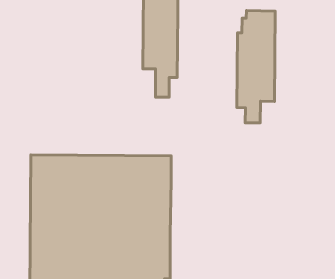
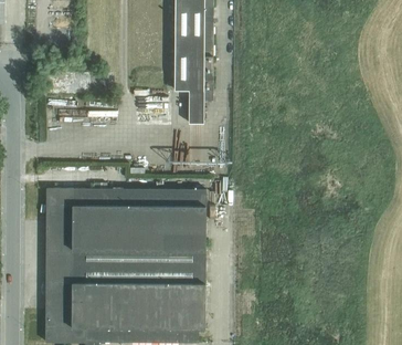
building: [237,11,275,123] -> none

